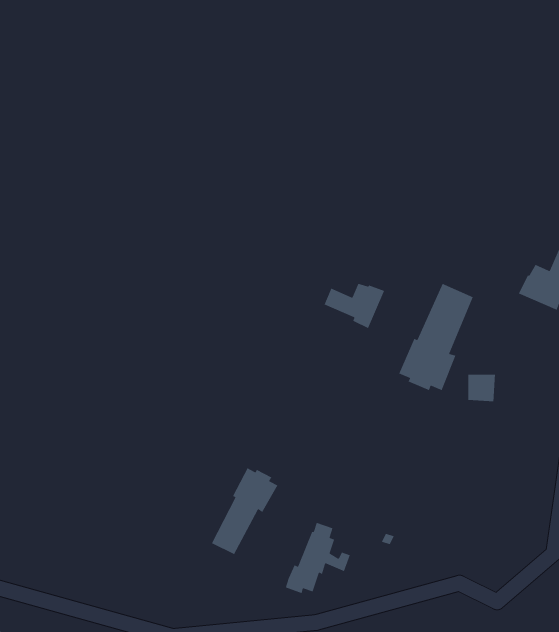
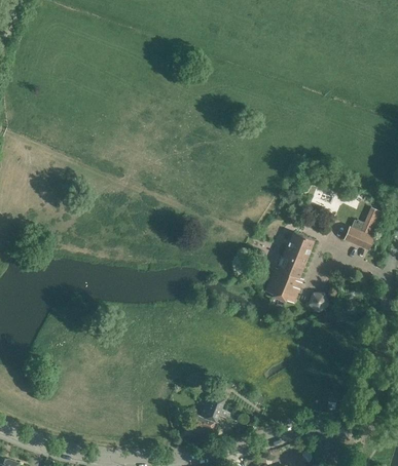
building: [324,283,385,329] -> none
building: [211,467,278,555] -> none

